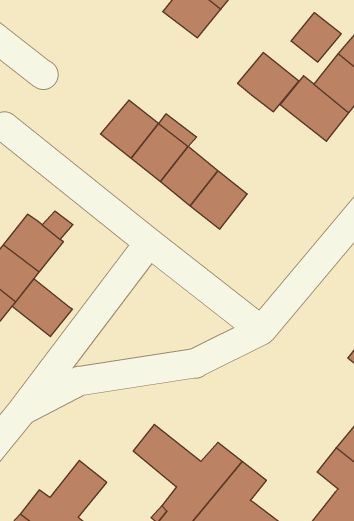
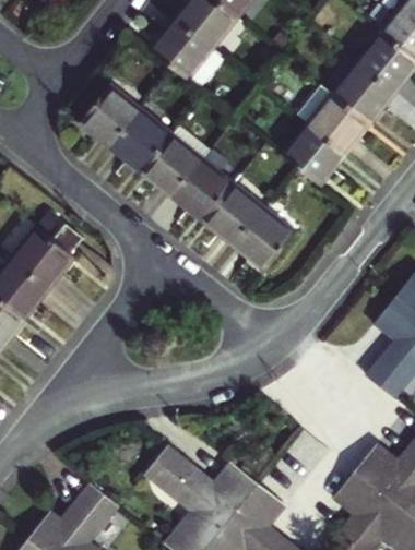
building: none -> [151,20,212,80]
building: [291,13,341,62] -> none
building: [238,53,299,112] -> [282,124,345,186]
building: none -> [81,86,141,146]
building: none -> [235,208,297,271]
building: [12,279,72,337] -> none

